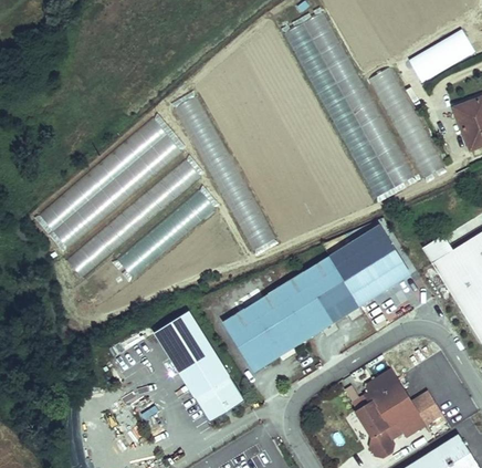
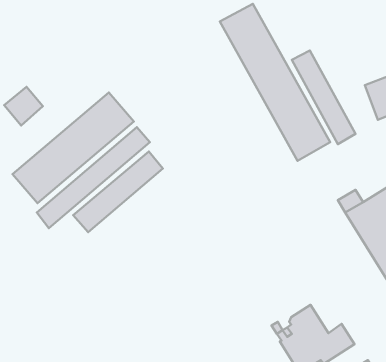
building: [408,29,474,83] -> none
building: [172,96,275,251] -> none
building: none -> [4,87,43,126]
building: [223,226,409,372] -> none
building: [153,311,244,423] -> none

